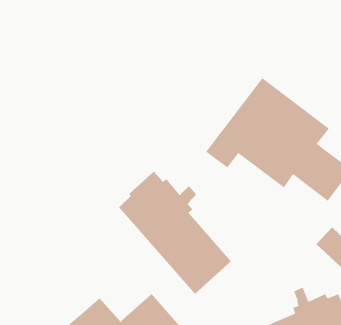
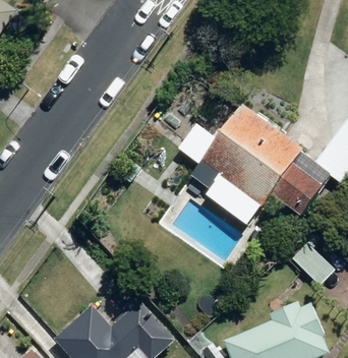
building: [118,171,232,295] -> none

